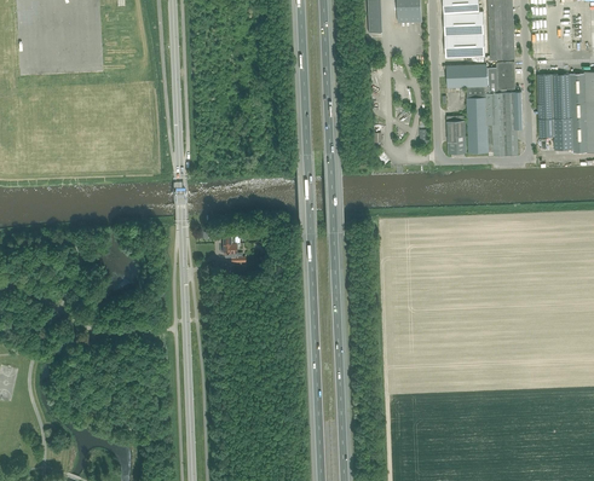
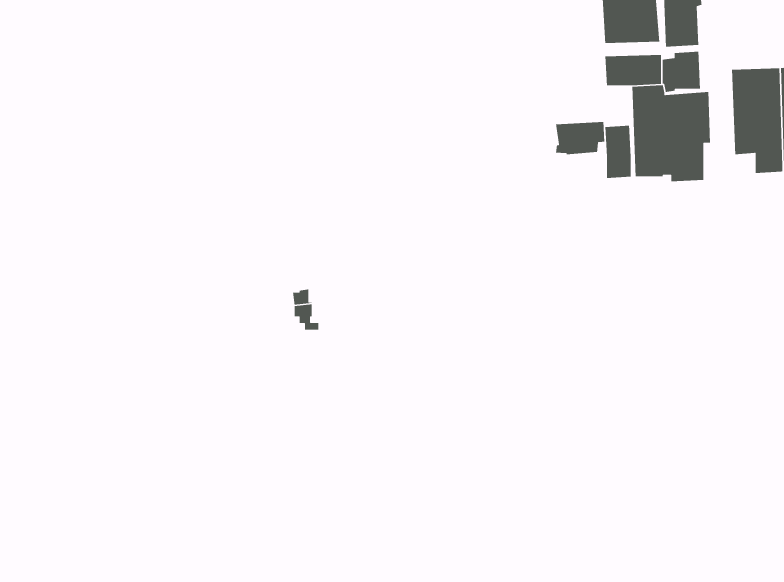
building: none -> [555,121,605,155]

